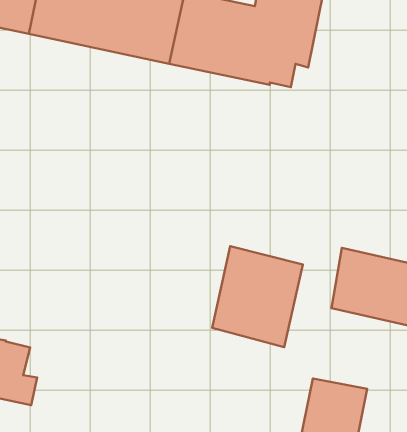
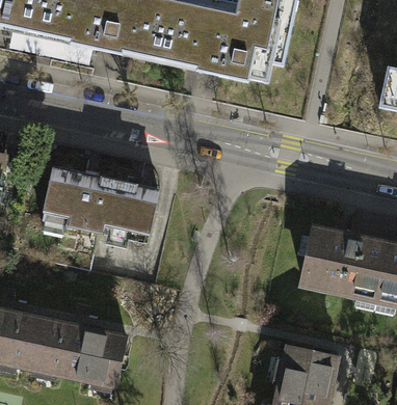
building: none -> [43,167,159,243]
building: [212,246,303,347] -> none
building: none -> [28,317,127,386]

